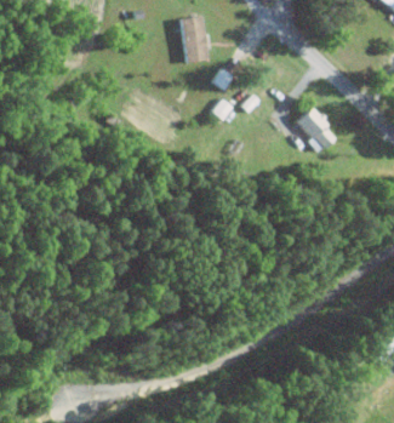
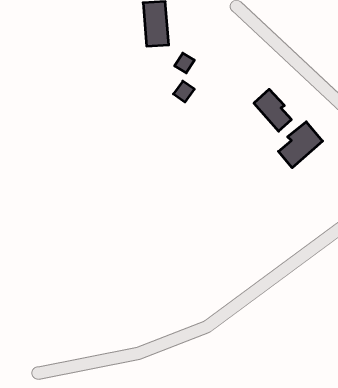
building: none -> [278,122,323,168]

